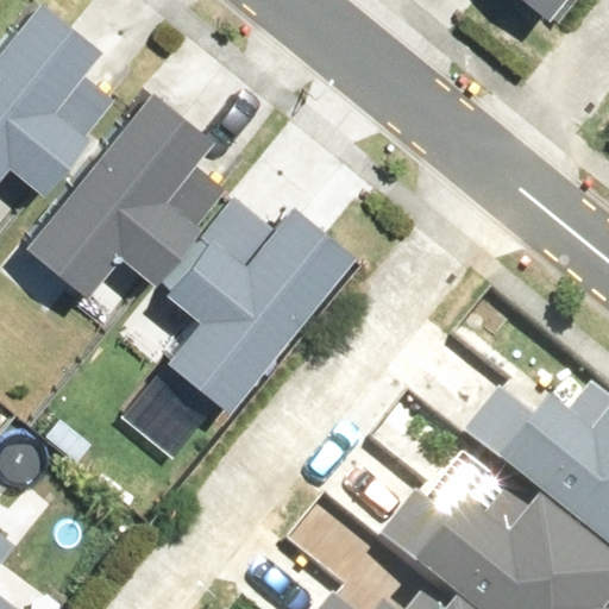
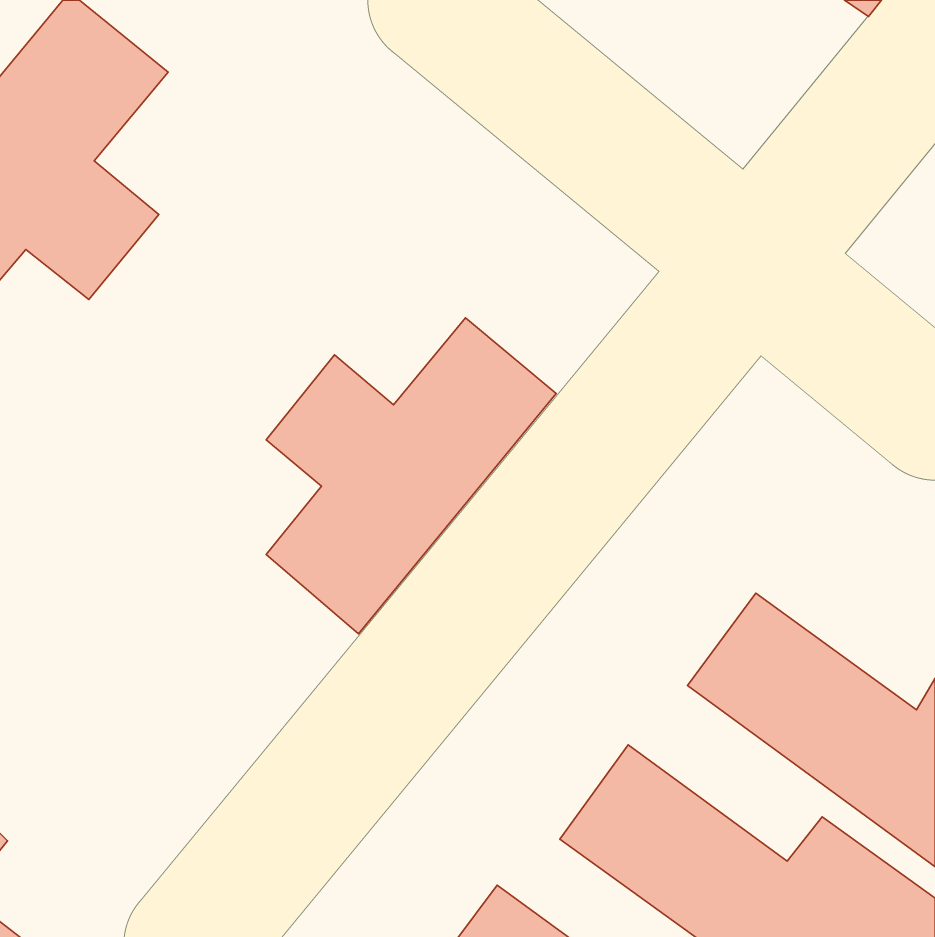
building: [31,90,219,299] -> none

